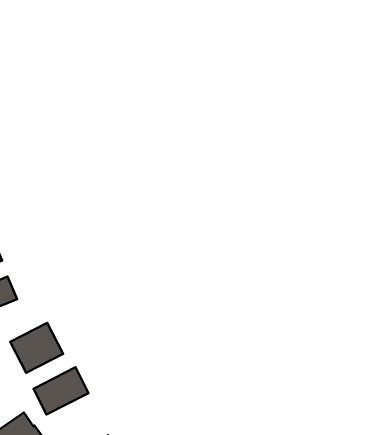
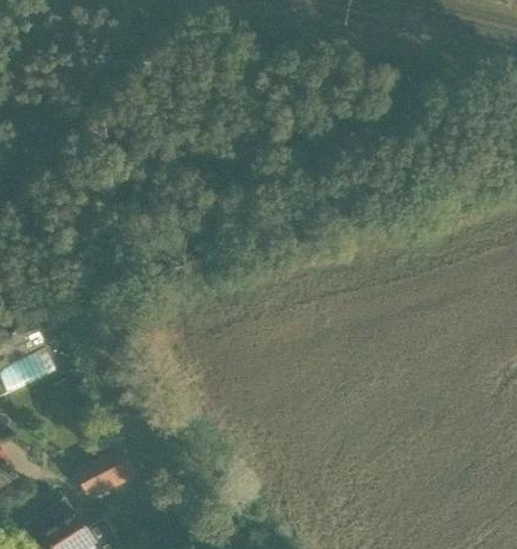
building: [10,323,63,373] -> none

